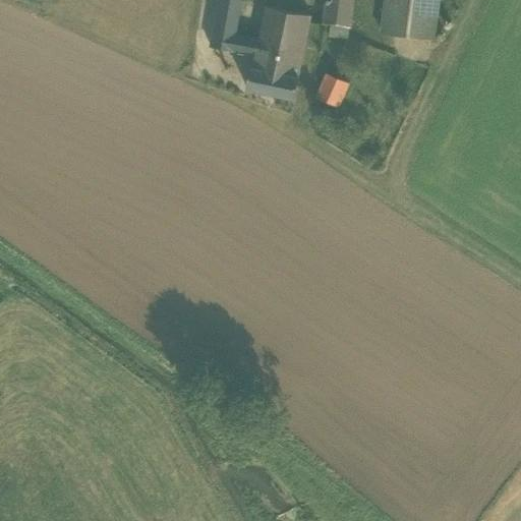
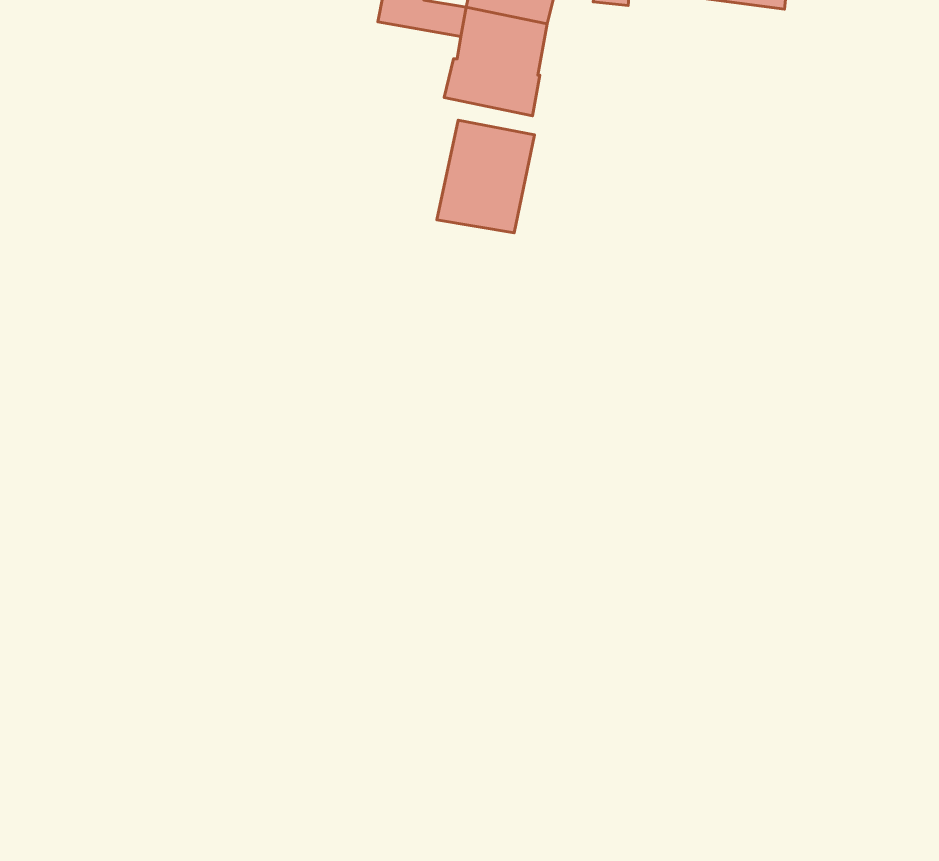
building: [317,73,349,106] -> none
building: none -> [437,120,534,233]

